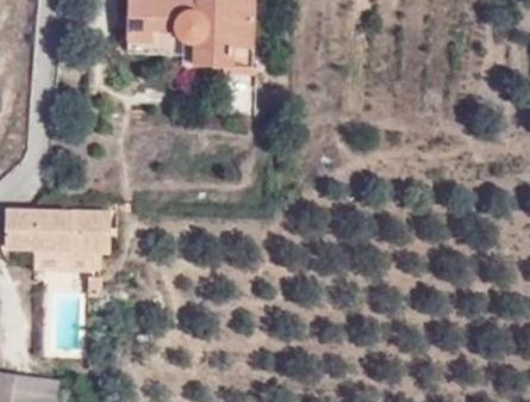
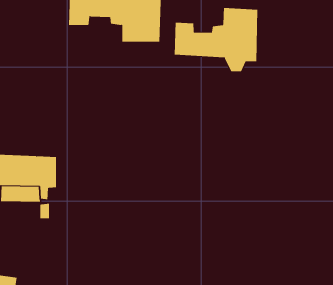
building: none -> [174,7,258,72]

